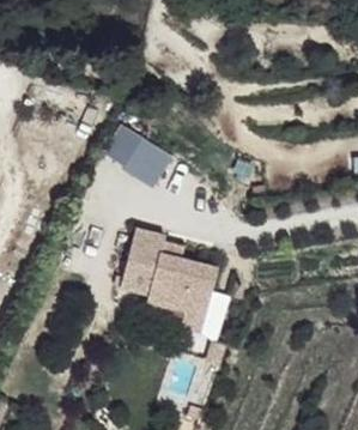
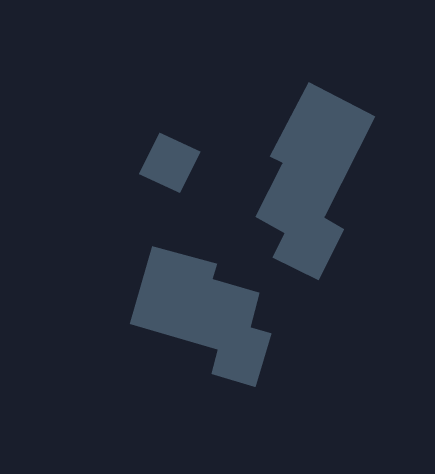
building: none -> [255,81,376,281]

